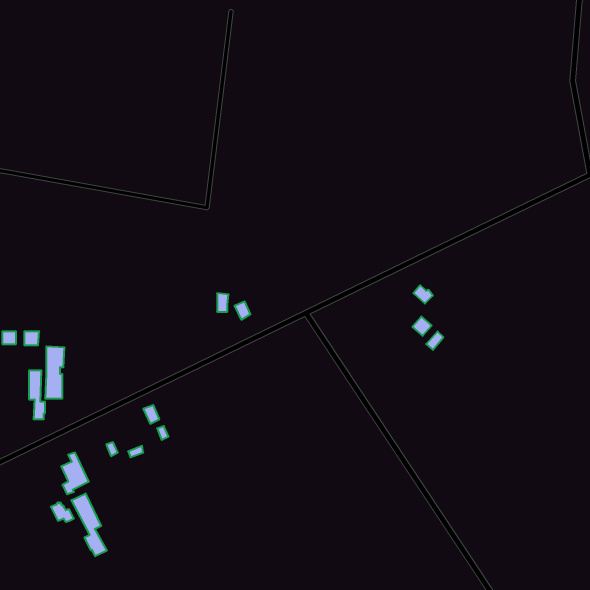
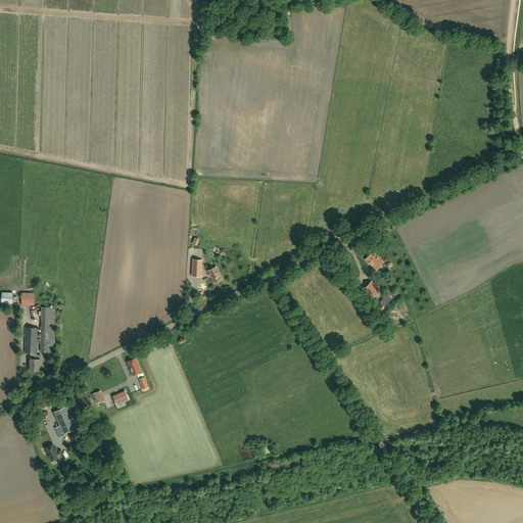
building: [71,493,107,556] -> none

